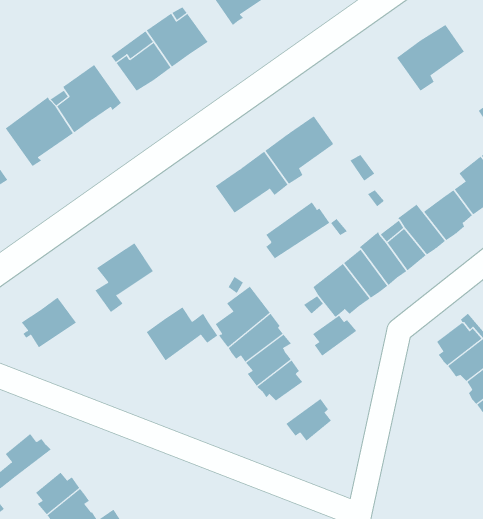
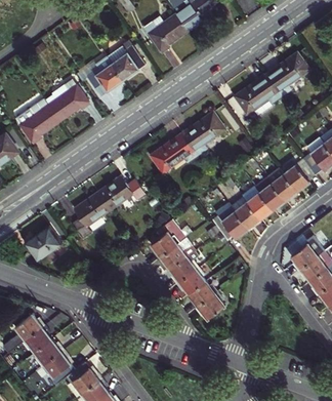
building: none -> [234,74,281,116]
building: [265,202,330,259] -> none
building: [146,307,218,361] -> [98,175,144,210]
building: [312,315,357,356] -> [189,281,217,308]
building: none -> [23,324,51,352]

